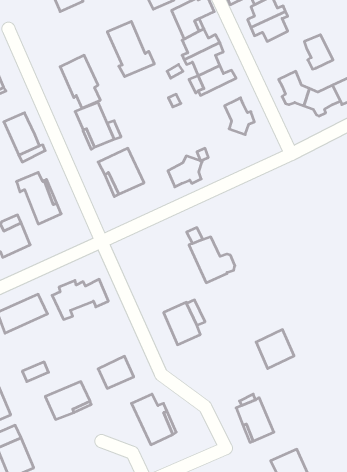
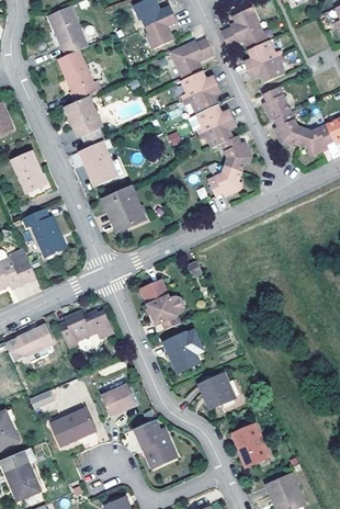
building: [107,21,154,77] -> [58,49,103,102]
building: [304,35,333,69] -> [263,88,291,121]
building: none -> [200,118,237,149]
building: [168,156,202,187] -> [209,167,242,196]
building: [189,237,235,283] -> [140,280,184,324]
building: [256,330,294,369] -> [199,373,235,410]

